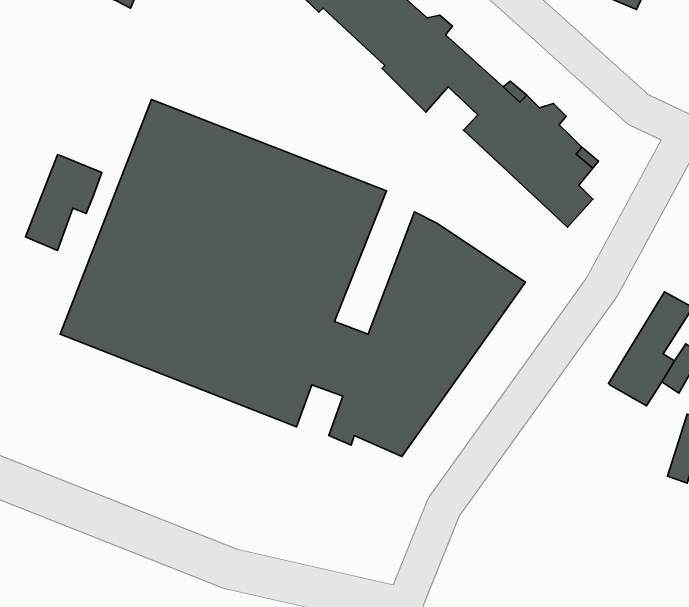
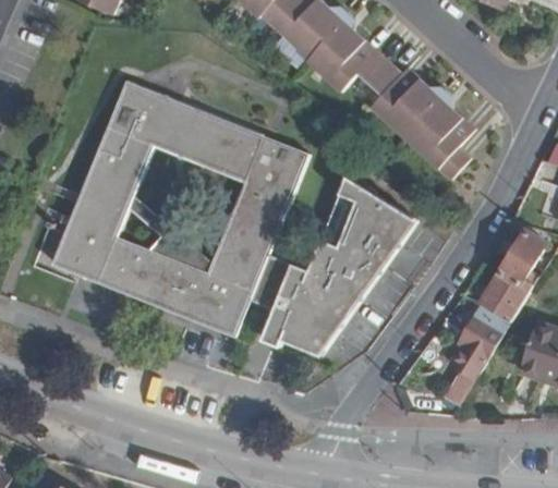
building: [25,155,102,251] -> none
building: none -> [442,303,509,406]

